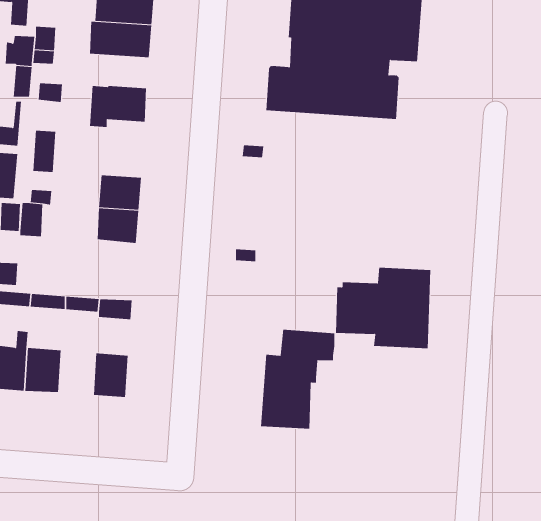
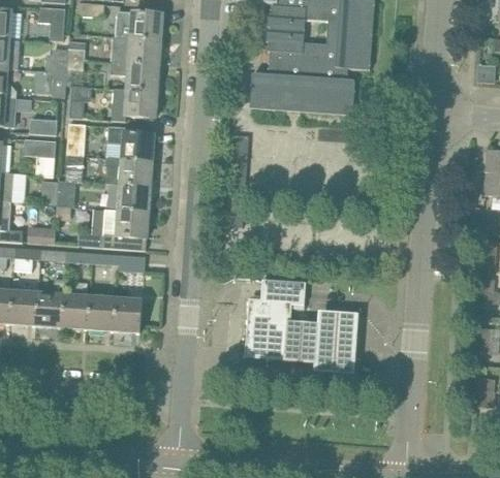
building: none -> [110,63,158,90]
building: none -> [106,125,153,160]
building: none -> [75,209,148,250]
building: [335,267,431,349] -> [284,306,360,370]
building: none -> [87,295,116,330]

